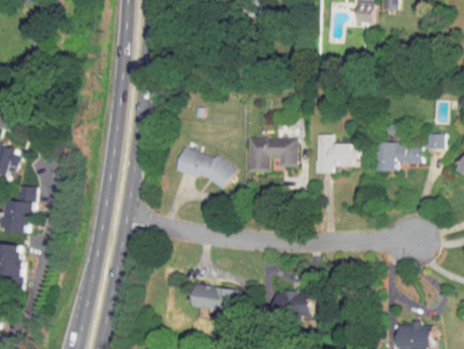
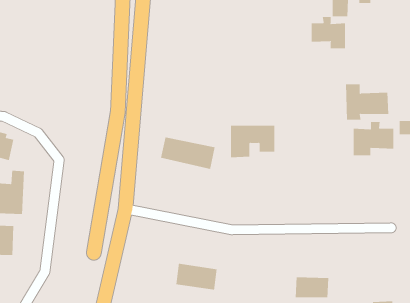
building: none -> [311,16,346,49]
building: [315,134,361,172] -> [345,84,389,120]
building: [274,292,311,314] -> [295,277,329,298]

